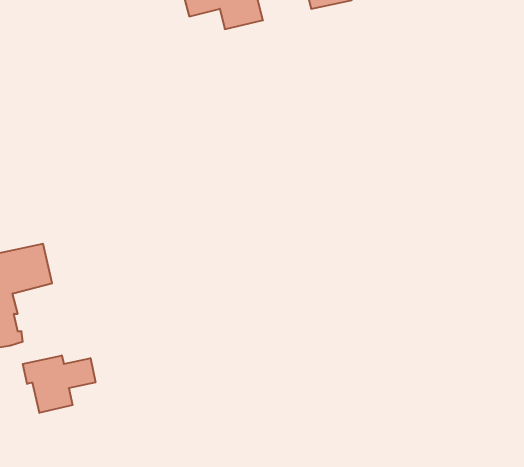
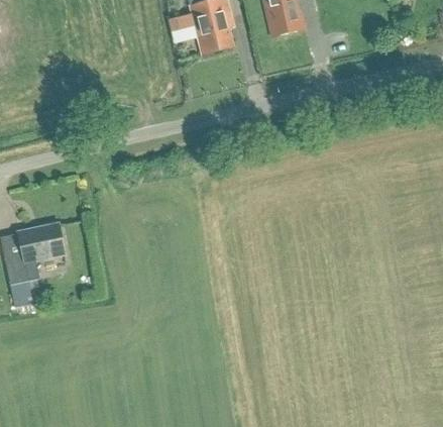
building: [23,355,95,413] -> none

